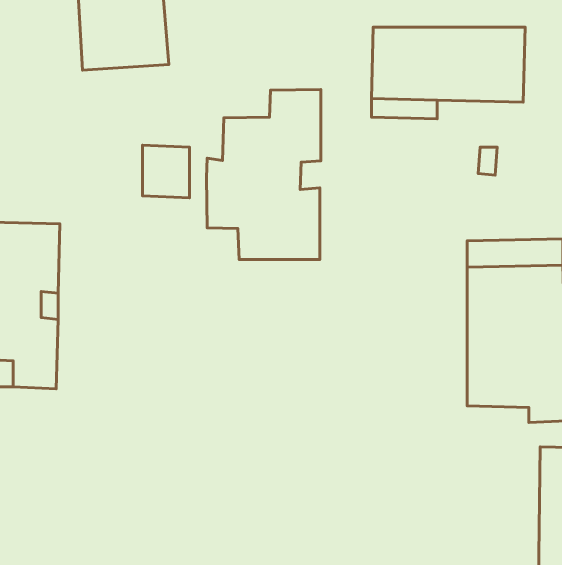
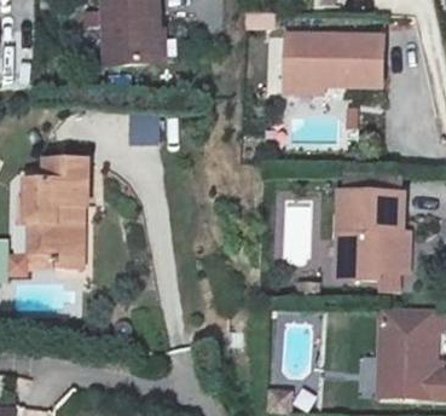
building: [207,89,321,259] -> none

